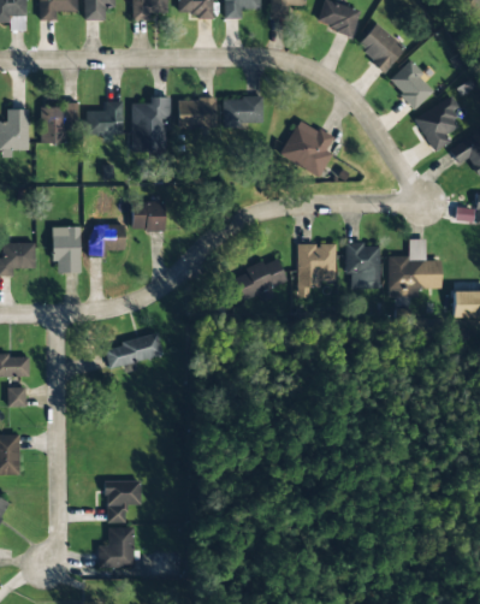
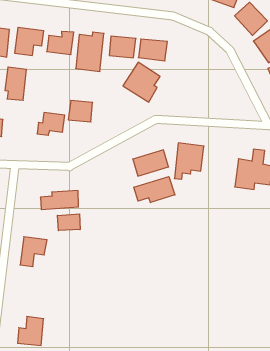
building: [280,120,333,177] -> [123,62,160,102]
building: [52,227,81,274] -> [5,67,26,100]
building: [345,244,381,289] -> none
building: none -> [134,177,175,203]
building: none -> [57,214,80,231]
building: [106,481,141,523] -> [20,237,47,267]

